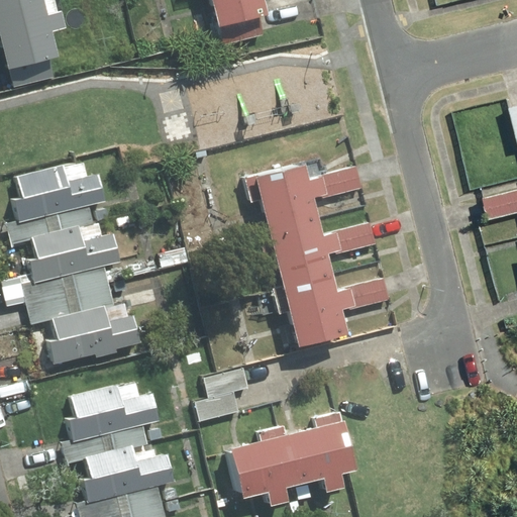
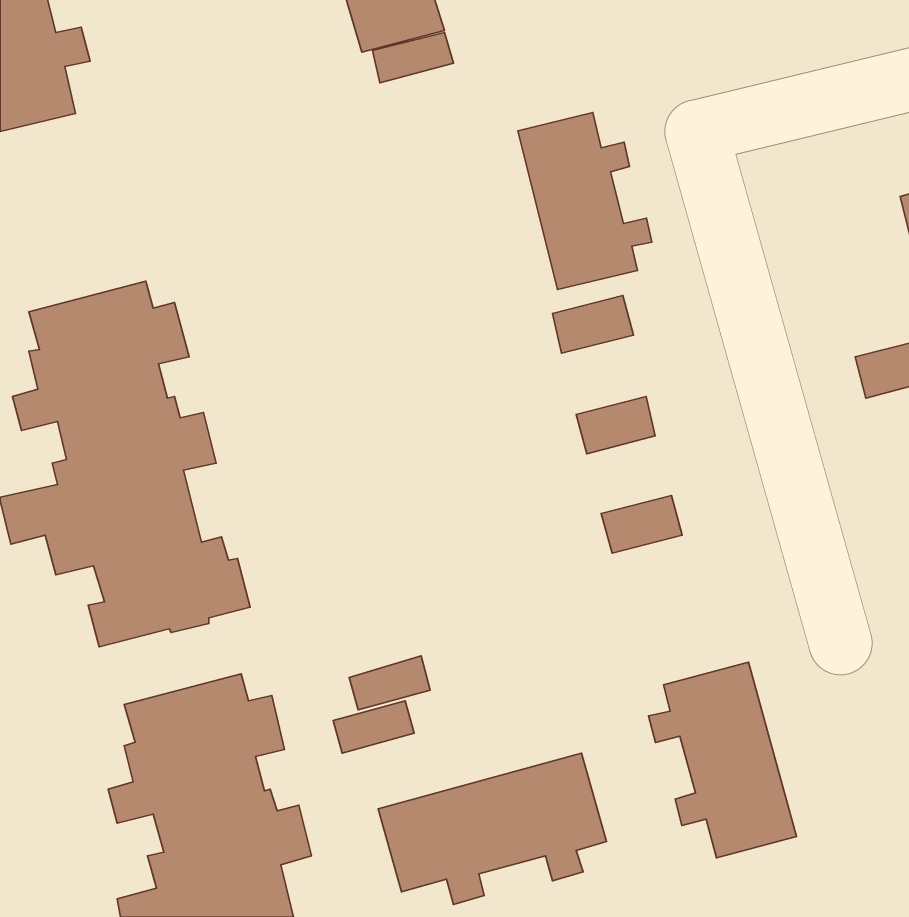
building: none -> [518,113,652,290]
building: [242,166,344,348] -> none
building: none -> [649,662,796,858]

